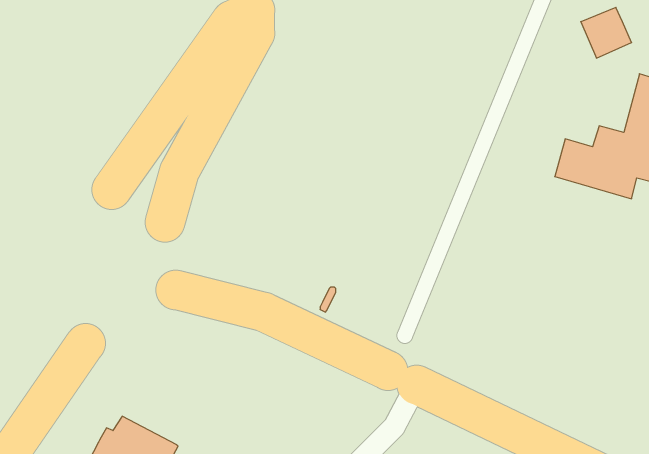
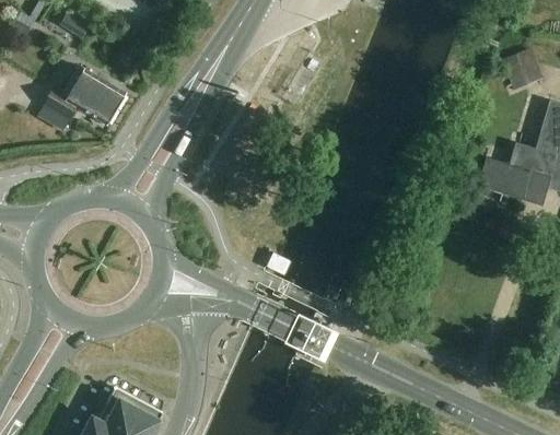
building: none -> [43,67,127,126]

